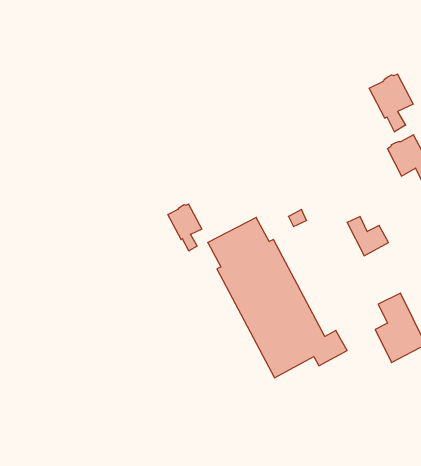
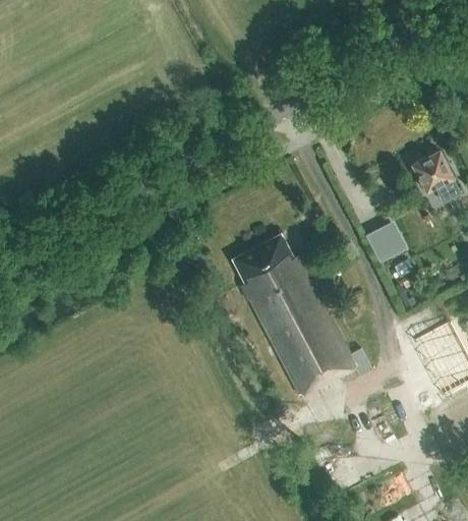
building: [369,74,413,132] -> none
building: [168,204,202,251] -> none

